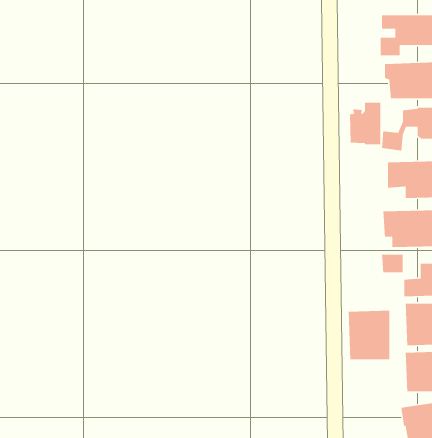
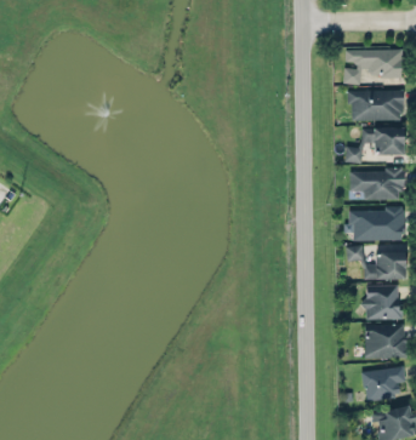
building: [349,102,381,145] -> none
building: [348,310,390,360] -> none

